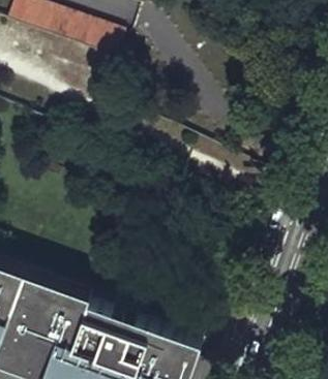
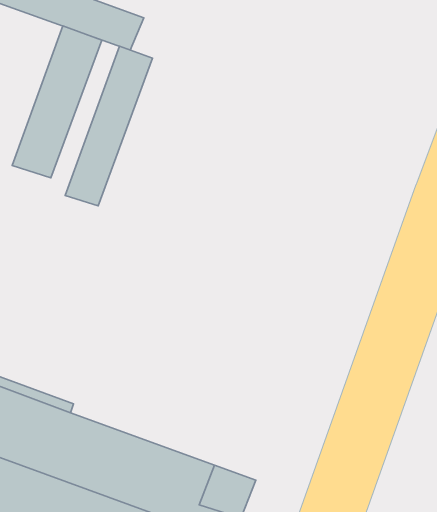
building: none -> [12,26,102,178]
building: none -> [65,46,153,206]

